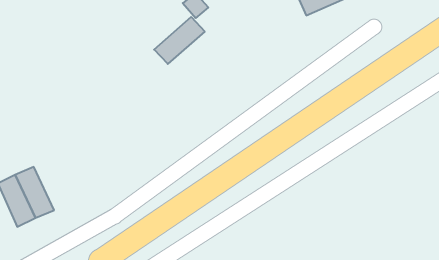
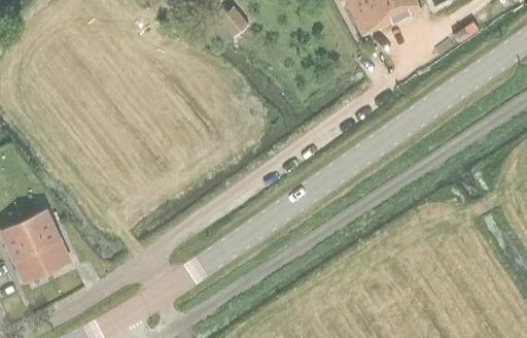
building: [154,17,205,64] -> none

